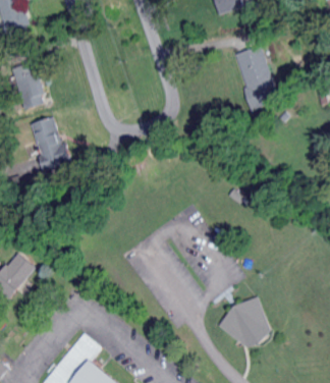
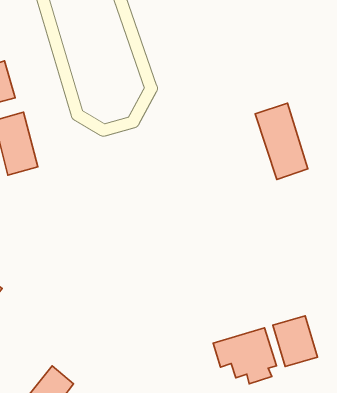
building: [232,45,277,110] -> [255,103,308,179]
building: none -> [273,316,318,367]

